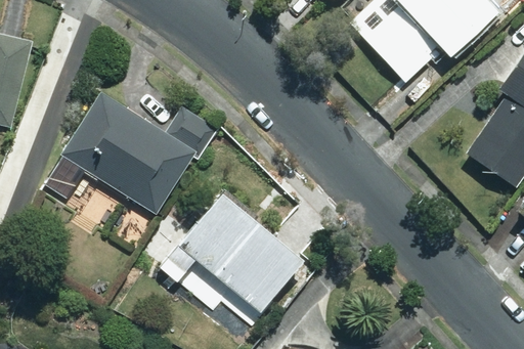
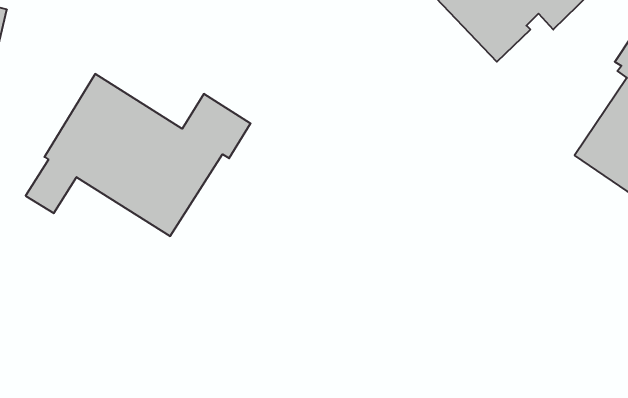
building: [161,193,304,325] -> none

